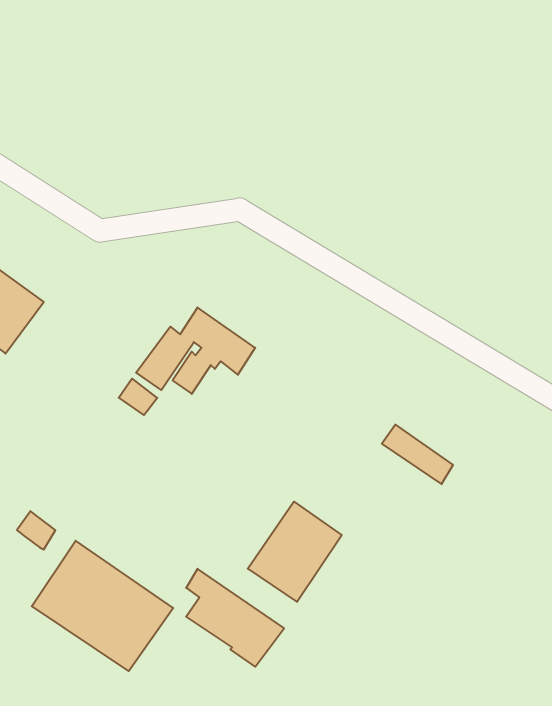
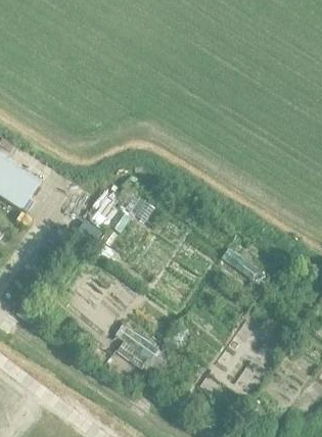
building: [248,502,342,602] -> none
building: [32,541,173,671] -> none

